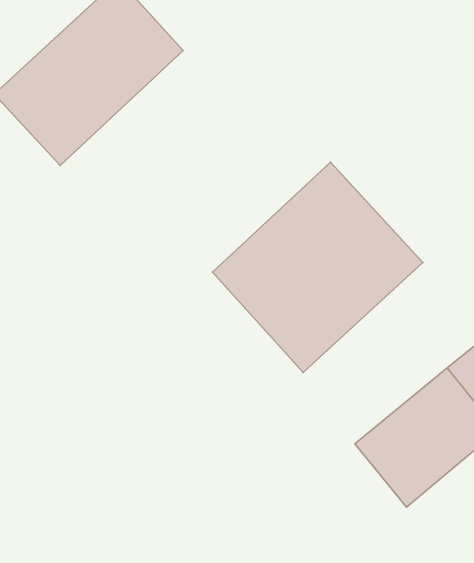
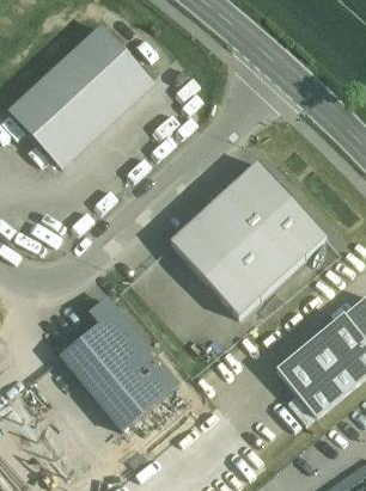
building: none -> [61,309,178,429]

